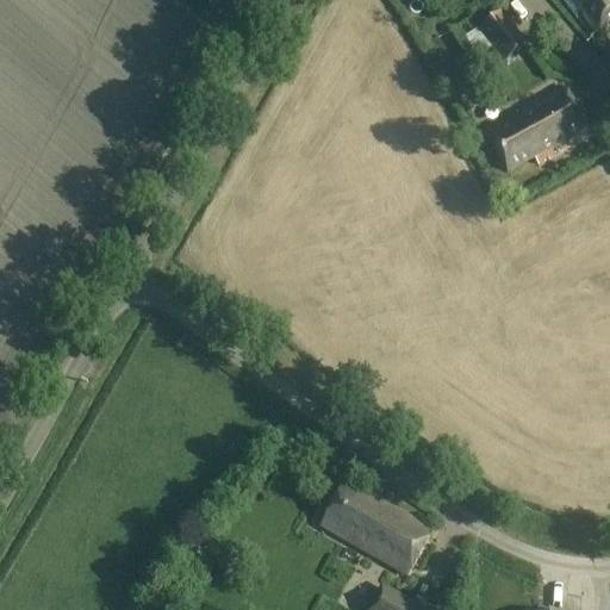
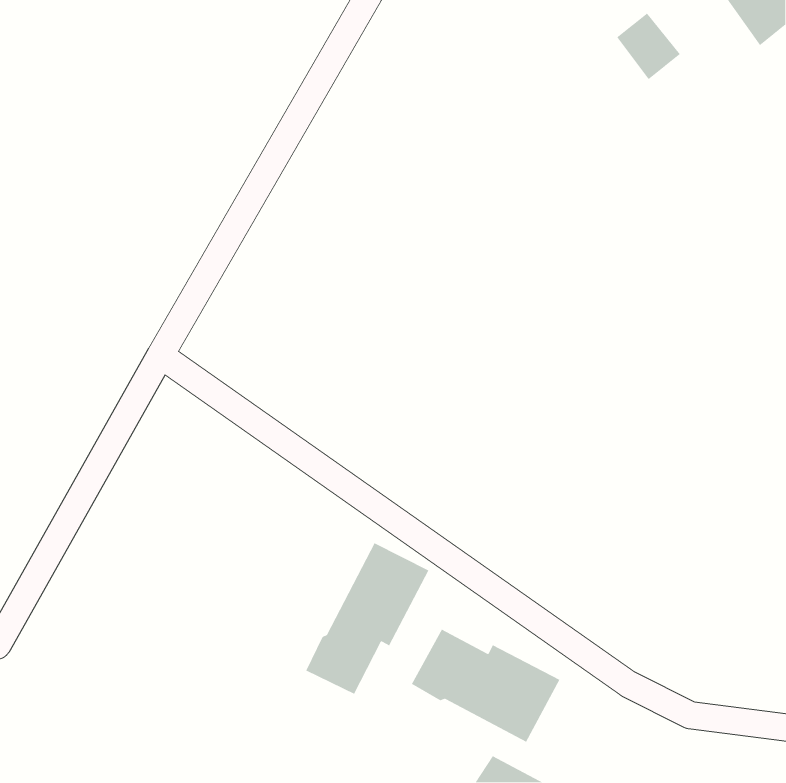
building: [485,82,590,169] -> none
building: none -> [305,542,429,695]

